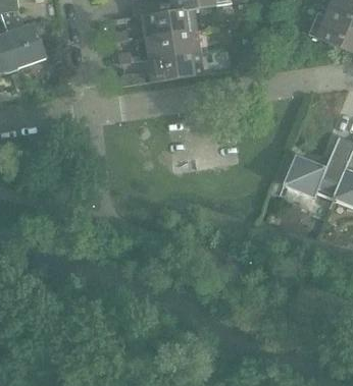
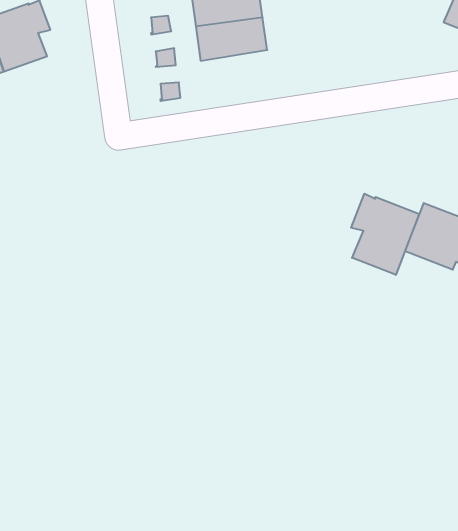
building: [149,52,197,81] -> none
building: none -> [351,194,419,275]

